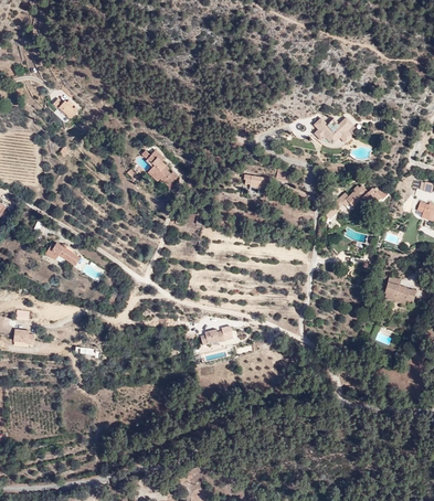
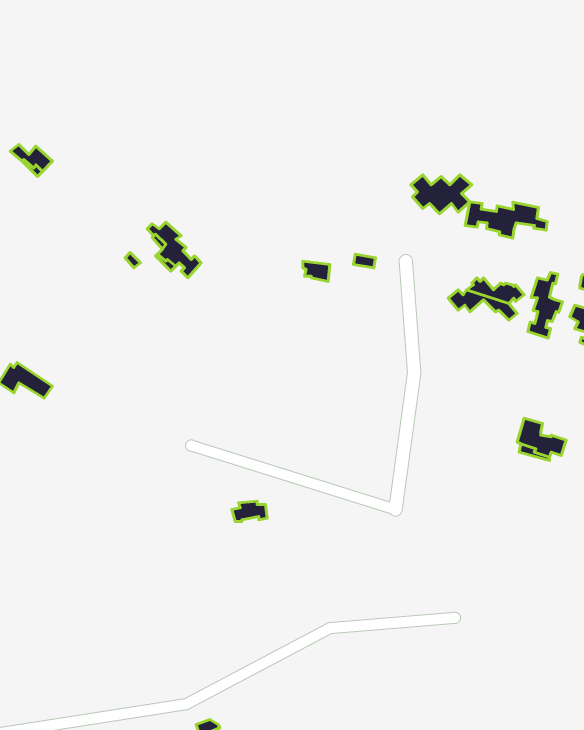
building: none -> [465,202,547,238]
building: none -> [528,272,563,338]

